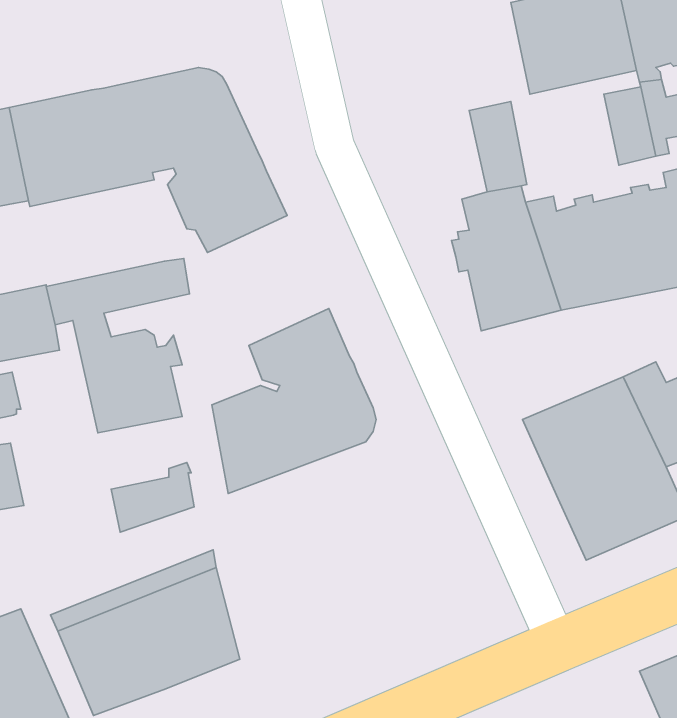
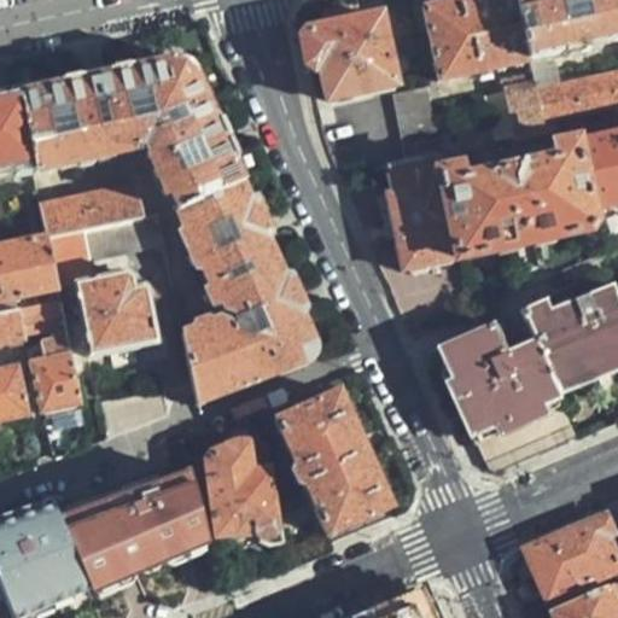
building: none -> [305,13,393,97]
building: none -> [179,177,278,284]
building: none -> [41,185,144,235]
building: none -> [19,298,69,339]
building: none -> [30,352,82,410]
building: none -> [272,390,392,540]
building: none -> [205,443,279,542]

